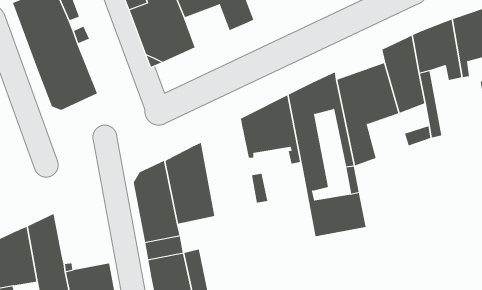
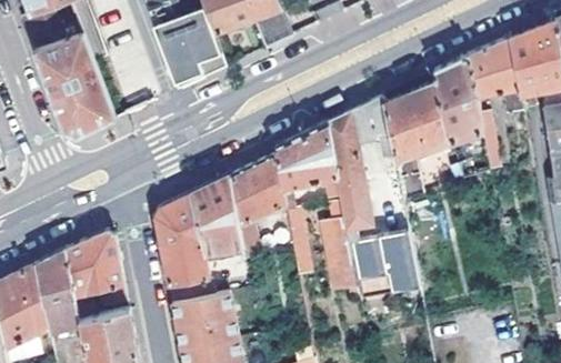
building: none -> [232,154,287,226]
building: none -> [324,202,360,292]
building: none -> [68,234,129,309]

